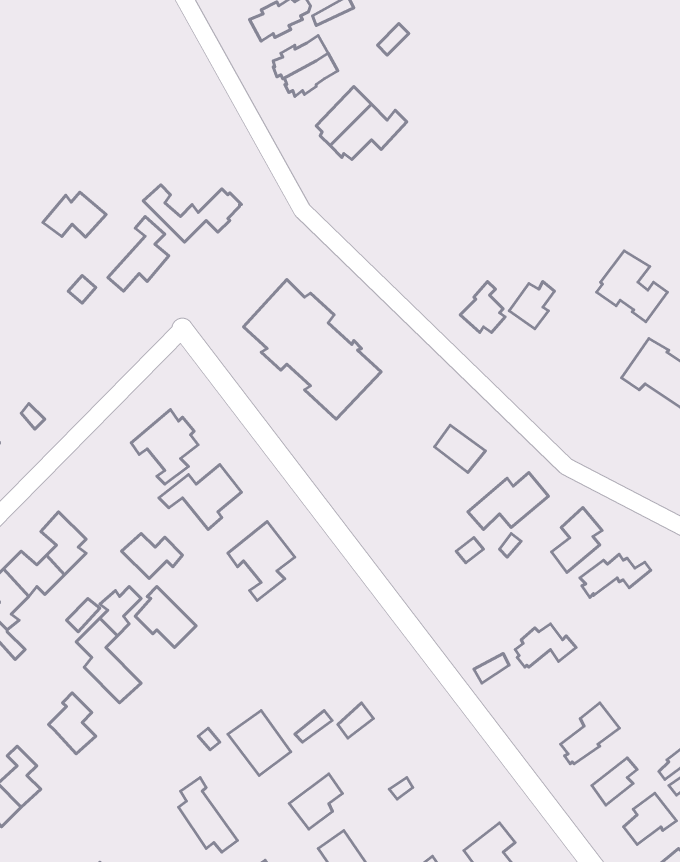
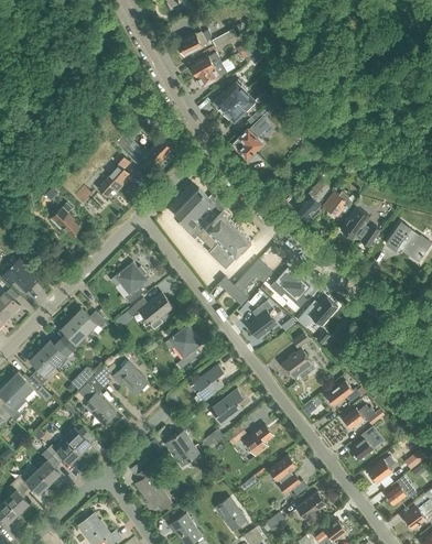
building: none -> [231,98,269,159]
building: [43,192,106,237] -> none
building: [597,251,667,322] -> [341,208,380,248]
building: none -> [50,200,82,236]
building: none -> [218,260,271,305]
building: none -> [247,302,276,339]
building: [551,508,602,573] -> none
building: [122,533,183,579] -> [69,309,104,335]
building: [580,554,651,598] -> [343,406,382,431]
building: none -> [281,350,314,378]
building: none -> [193,365,224,400]
building: none -> [212,389,242,425]
building: none -> [46,438,79,466]
building: none -> [269,456,301,496]
building: [289,774,342,829] -> [242,426,272,457]

